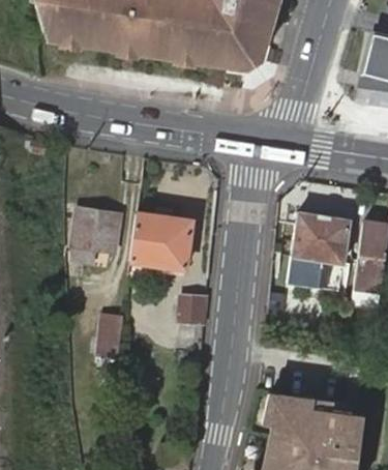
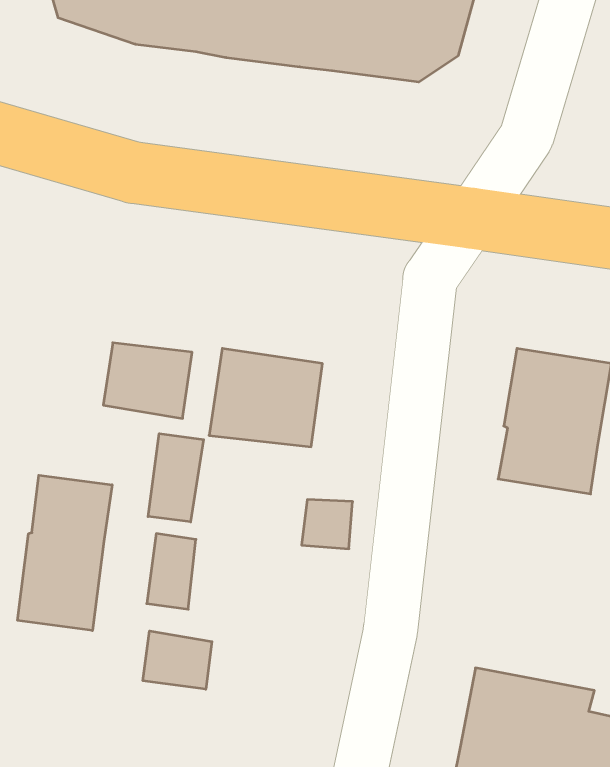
building: none -> [148,434,204,522]
building: none -> [18,475,112,631]
building: none -> [143,631,212,689]

